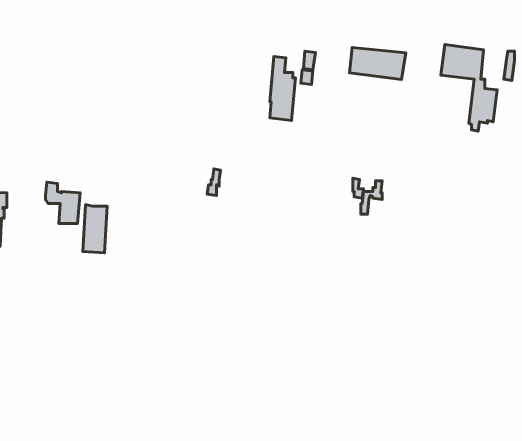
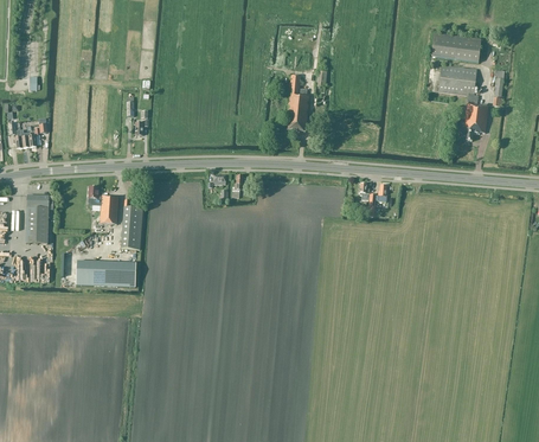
building: [350,47,406,79] -> [431,33,481,62]
building: none -> [76,261,136,287]

